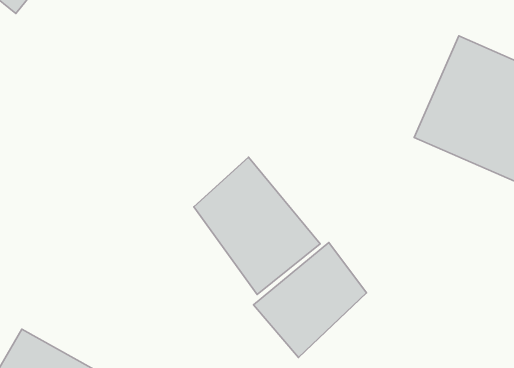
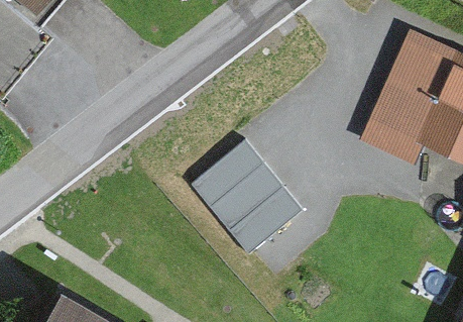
building: [254,243,367,358] -> none

